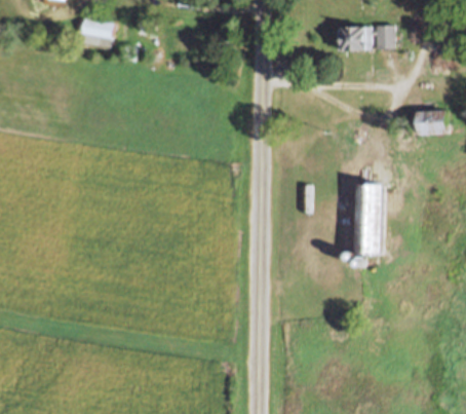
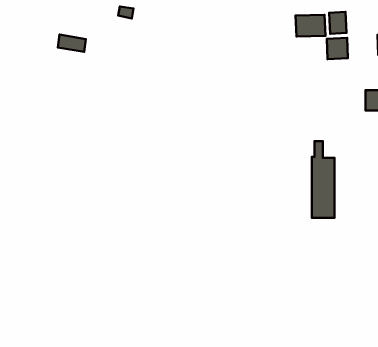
building: [81,18,113,38] -> [58,35,86,52]
building: none -> [327,38,348,59]

